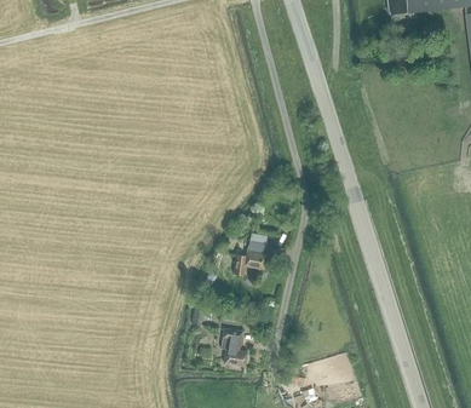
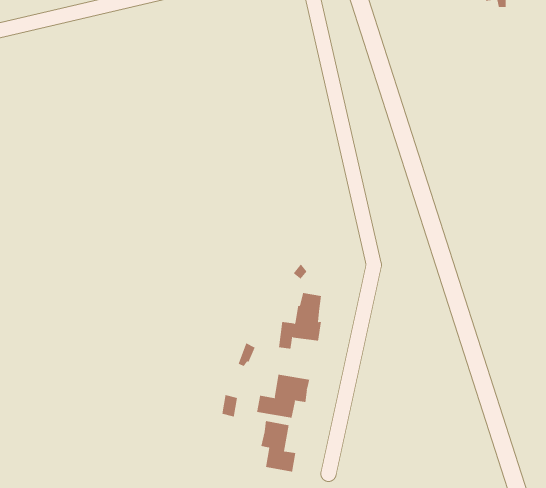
building: none -> [256,374,310,419]

